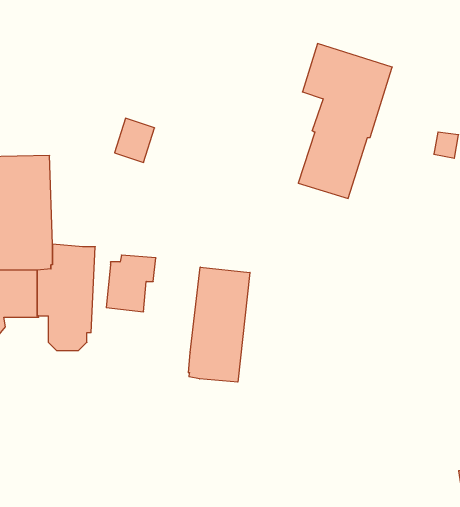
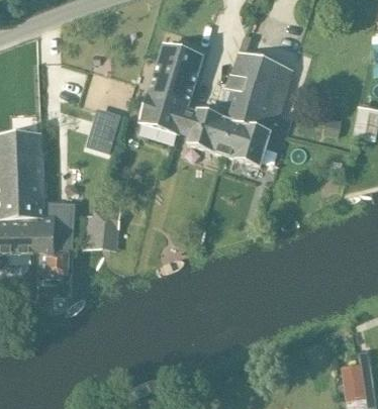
building: none -> [139,43,242,155]
building: [188,267,250,382] -> none

